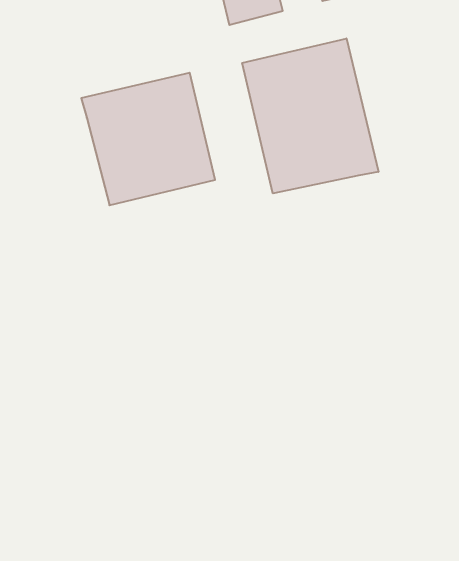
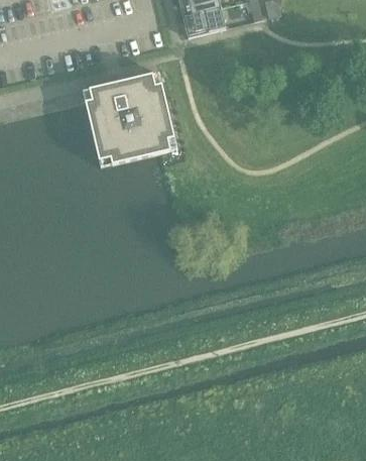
building: [242,38,378,193] -> none

